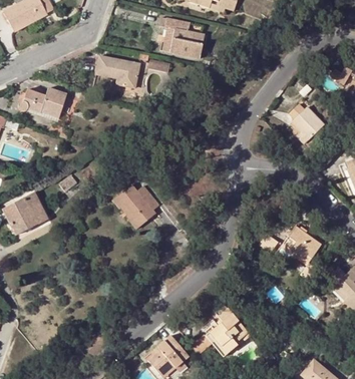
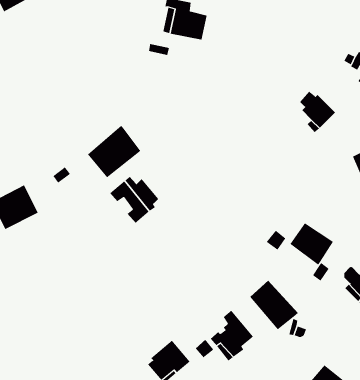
building: [95,55,140,87] -> none
building: [18,87,67,117] -> none
building: none -> [87,125,141,178]
building: none -> [249,280,299,330]

